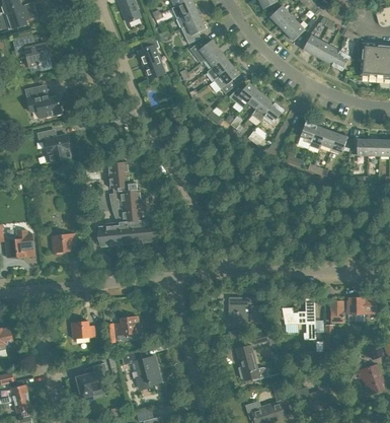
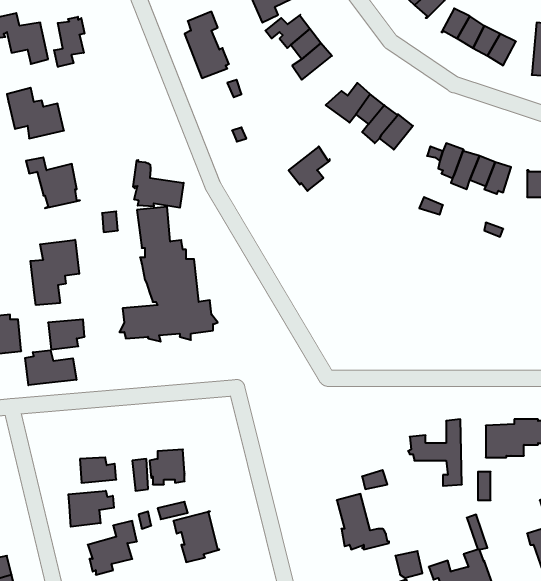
building: none -> [54,17,84,67]
building: [214,65,240,93] -> [289,146,330,191]
building: none -> [133,160,184,208]
building: none -> [30,240,79,305]
building: none -> [25,350,76,385]
building: [229,297,262,324] -> none
building: none -> [68,491,114,527]

